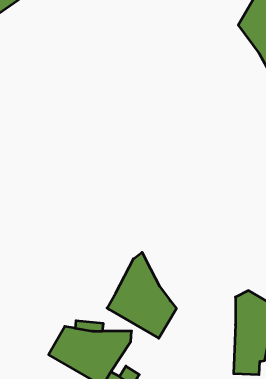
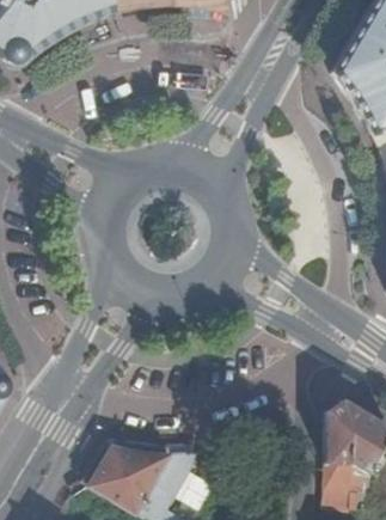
building: [107,252,176,338] -> none

